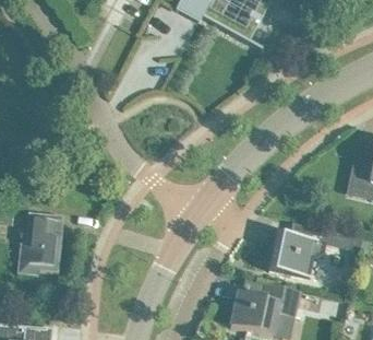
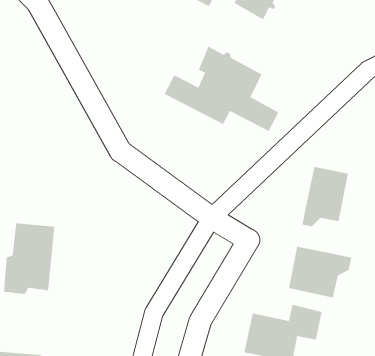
building: none -> [164,46,279,132]
building: none -> [302,166,348,227]

